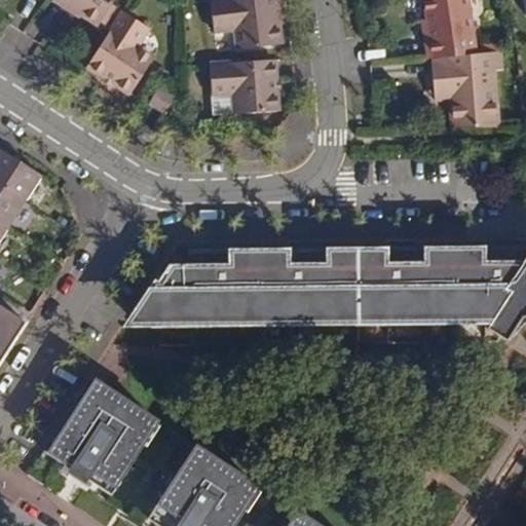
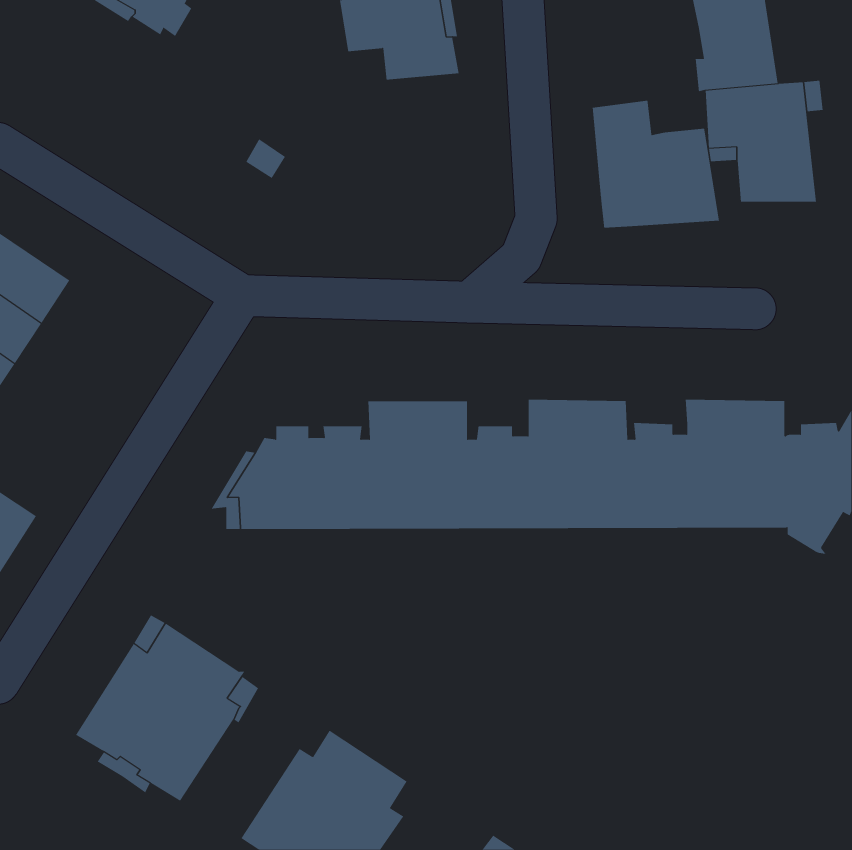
building: [88,8,156,91] -> none
building: [211,59,279,115] -> none
building: none -> [592,100,720,229]

